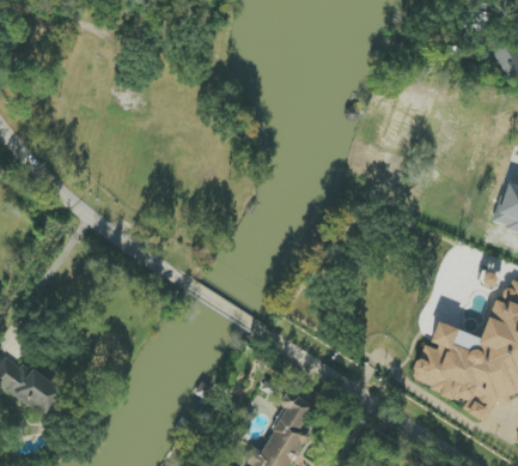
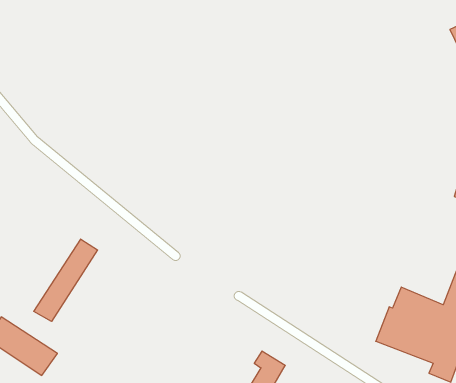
building: none -> [34,239,98,321]

